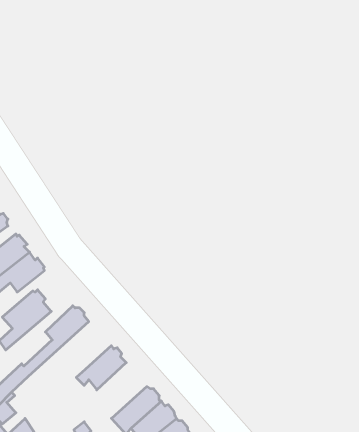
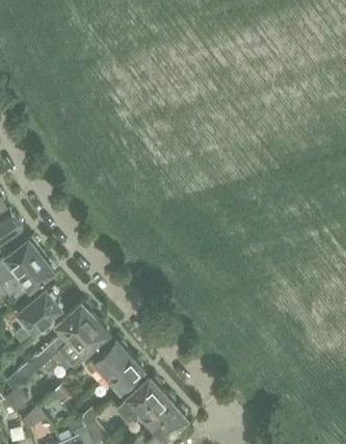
building: none -> [41,317,109,374]
building: none -> [103,355,143,392]

